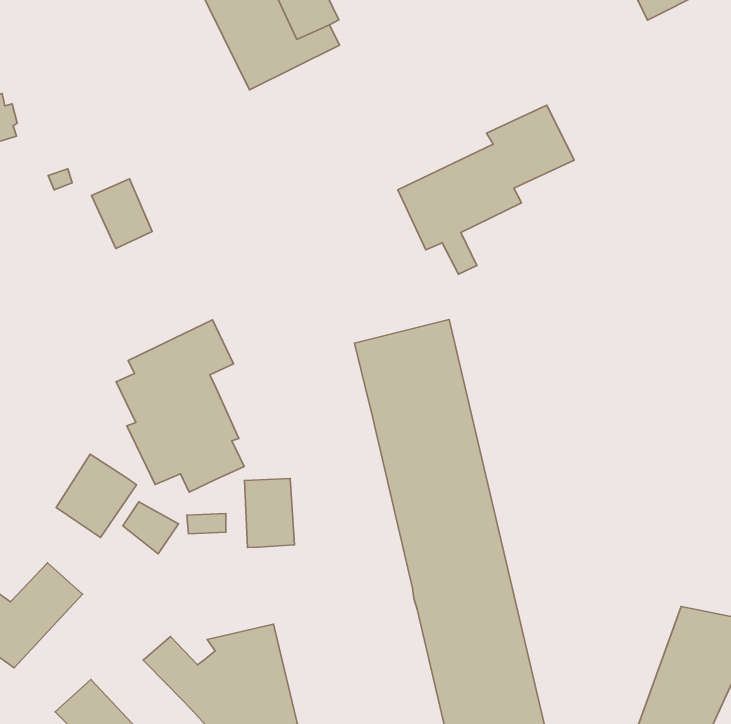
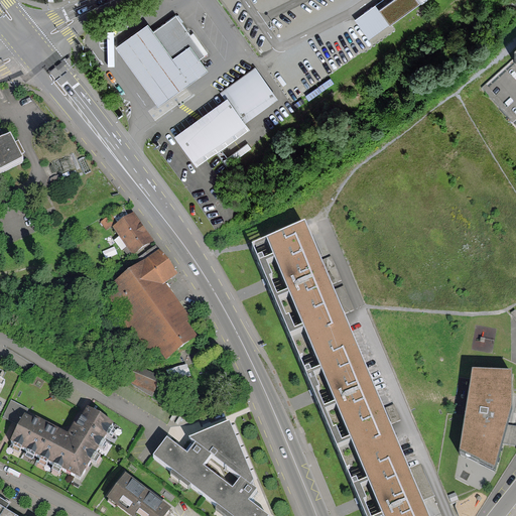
building: [398,105,574,274] -> [172,63,275,174]
building: [91,179,152,248] -> [112,210,152,253]
building: [56,454,136,538] -> none
building: [245,479,294,547] -> none

